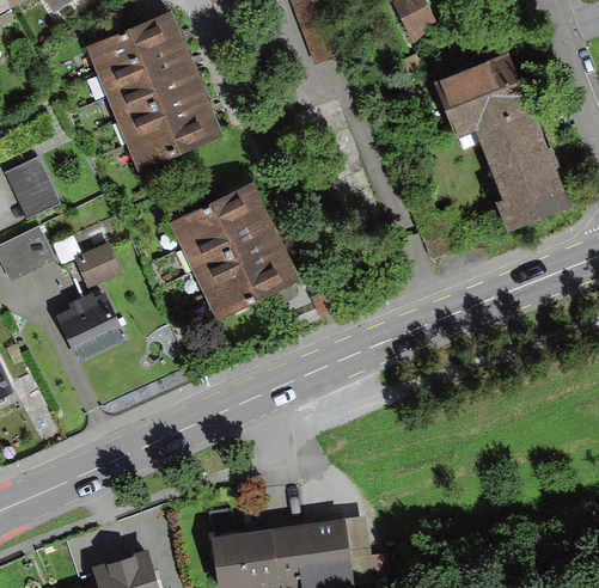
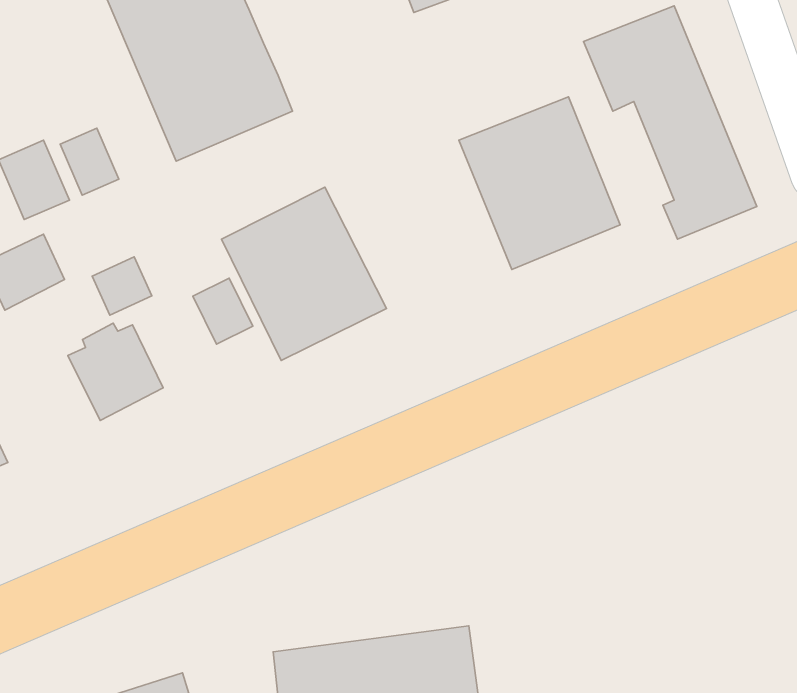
building: none -> [459,97,620,269]
building: none -> [60,128,119,195]
building: none -> [193,278,253,344]

